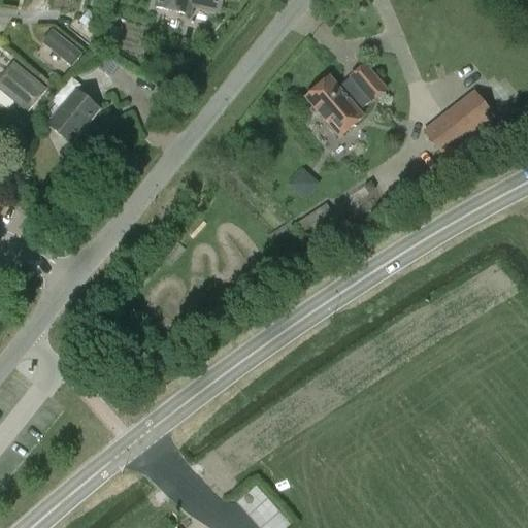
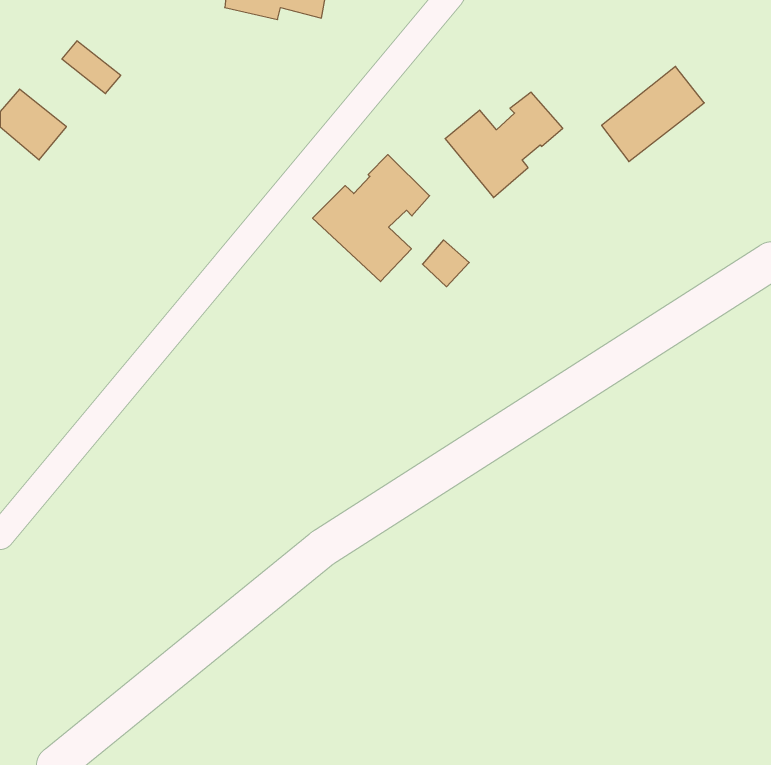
building: [46,87,97,139] -> none
building: [423,90,493,155] -> [602,66,704,162]
building: none -> [313,155,430,282]

